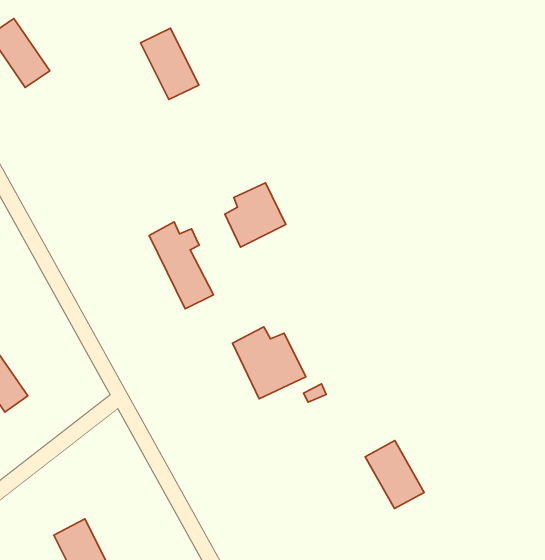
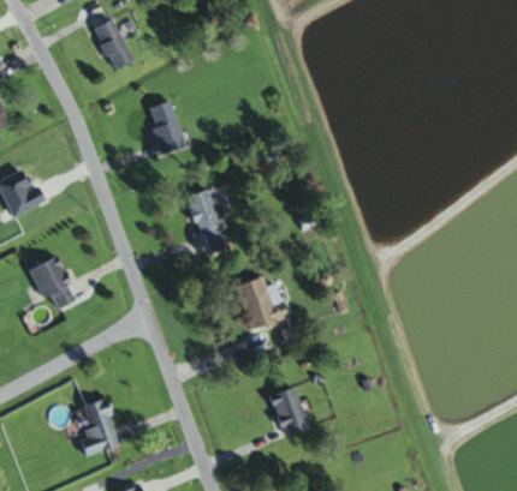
building: [140,28,199,100] -> [147,101,185,154]
building: [225,183,286,247] -> none
building: [365,441,424,509] -> [269,388,309,438]

